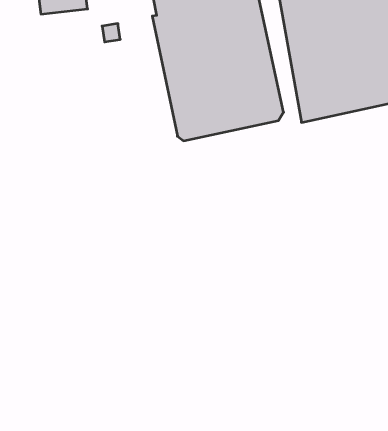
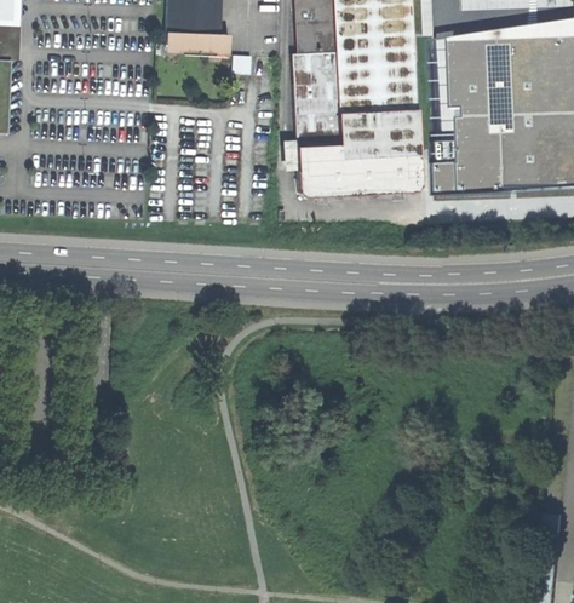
building: none -> [165,27,229,46]

